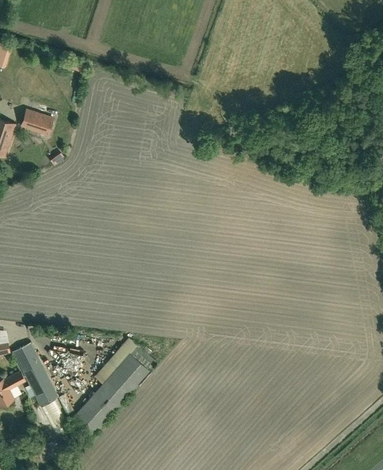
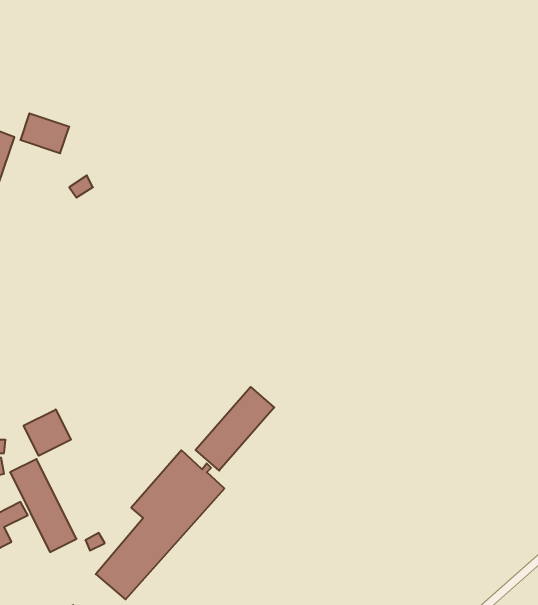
building: none -> [196,387,274,471]
building: none -> [24,409,71,456]

